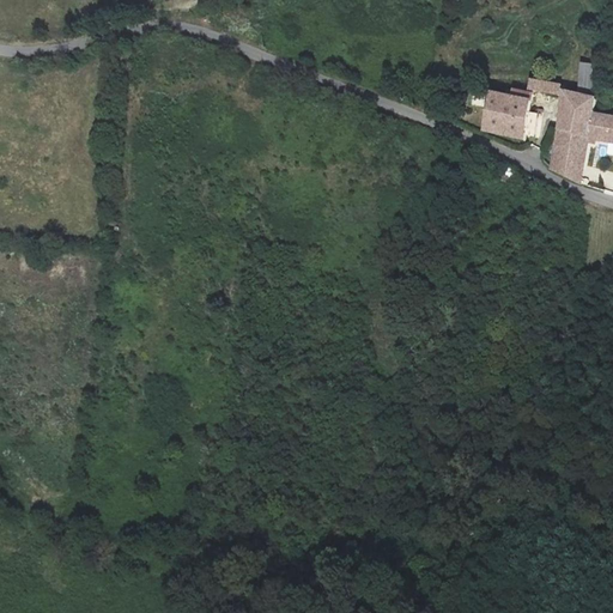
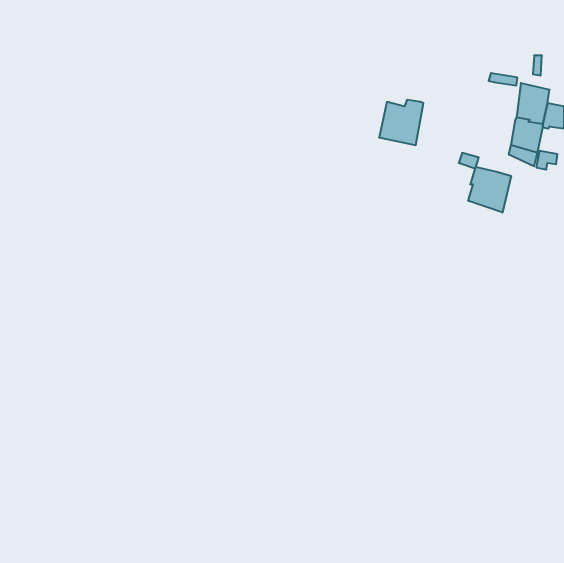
building: [484,89,532,138] -> [379,100,423,145]
building: none -> [468,167,511,213]

